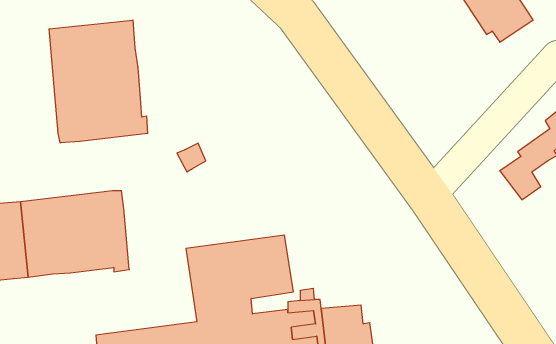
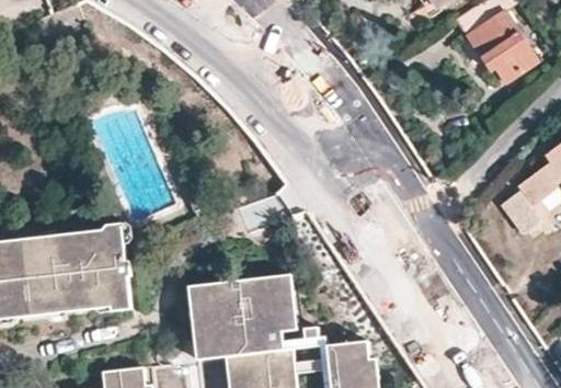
building: [49,20,148,143] -> none

